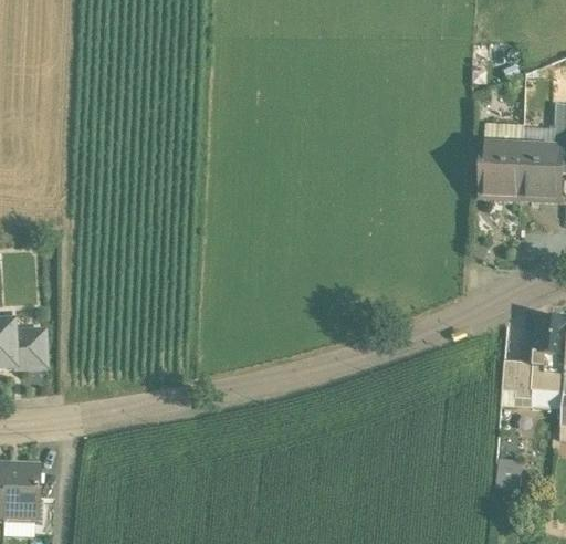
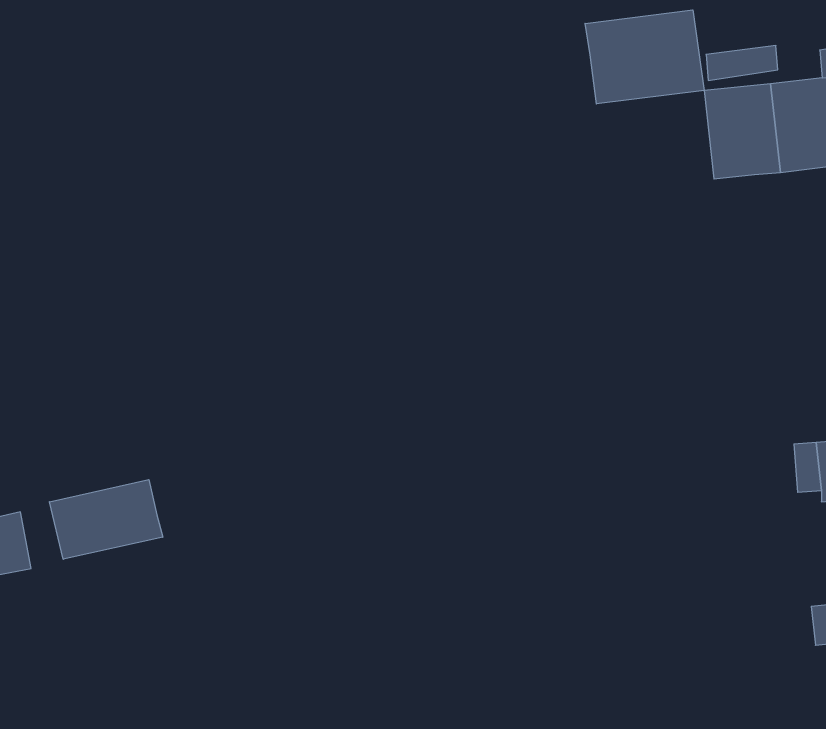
building: none -> [585,10,704,104]
building: none -> [49,480,163,559]

